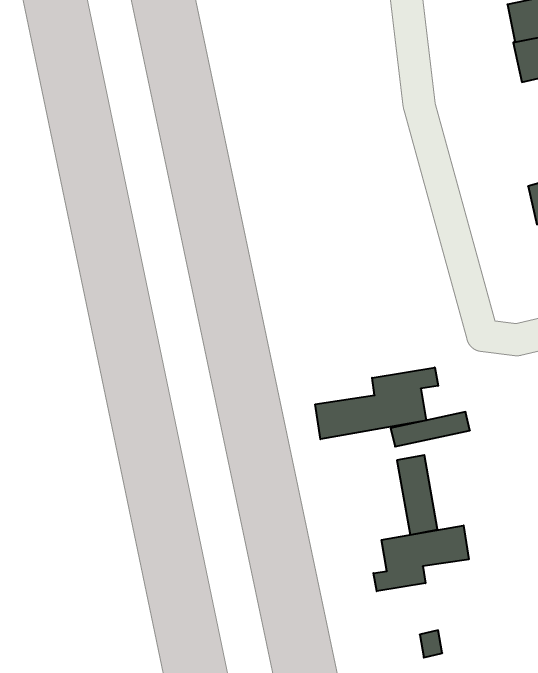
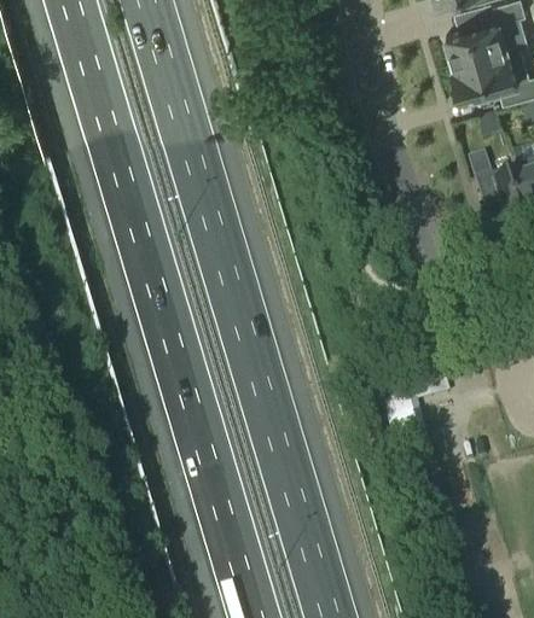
building: [315,367,438,439] -> none
building: [373,525,469,591] -> none

